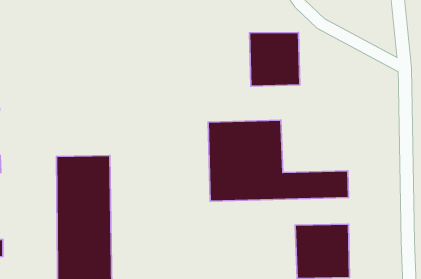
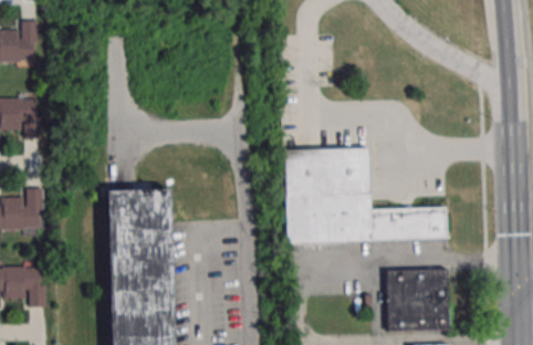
building: [249,32,300,86] -> none

